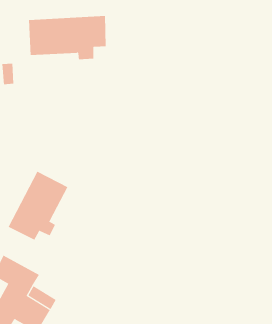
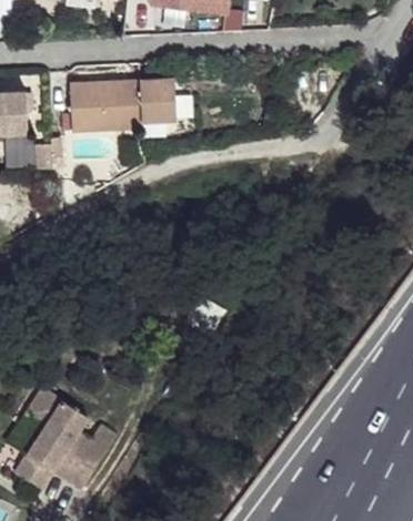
building: [8,171,68,240] -> none

